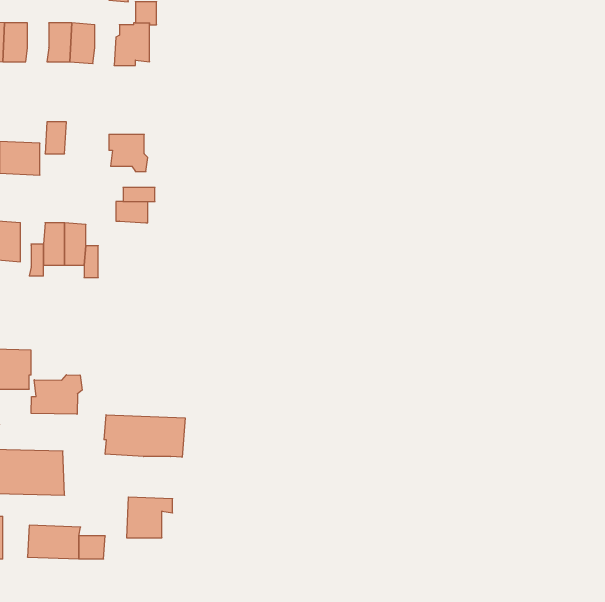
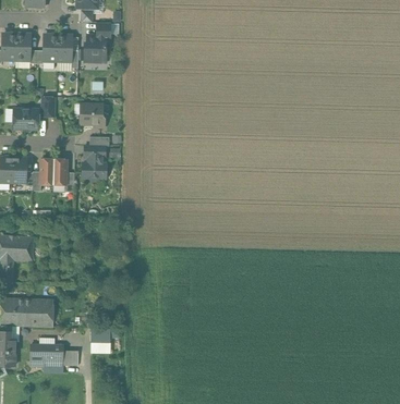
building: none -> [83,158,106,183]
building: [31,375,82,414] -> none
building: [104,415,185,457] -> none

